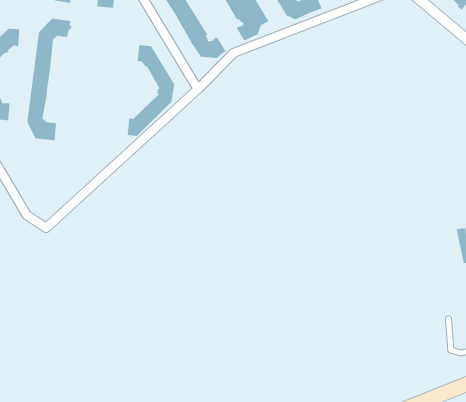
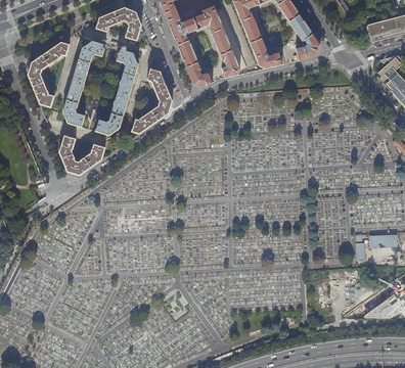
building: none -> [95,47,138,134]
building: none -> [58,134,105,174]

